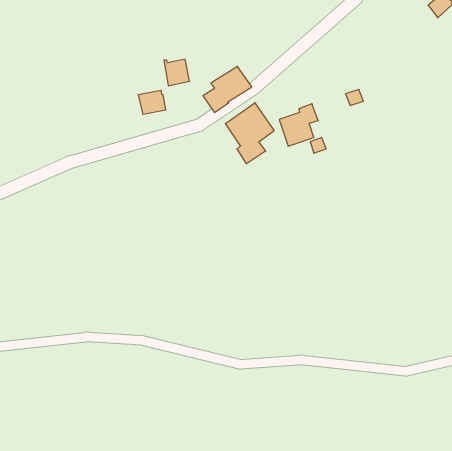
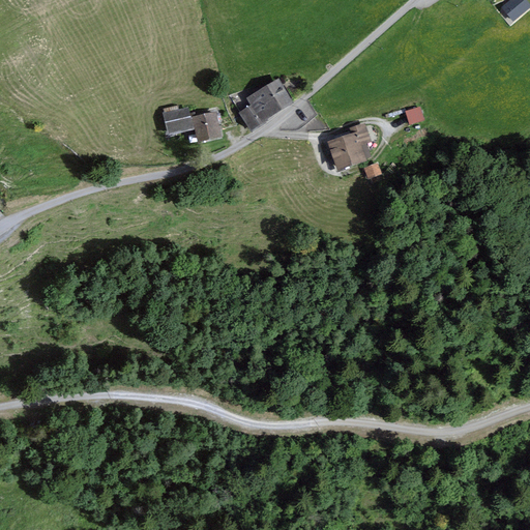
building: [164,59,190,86] -> [190,110,220,141]
building: [225,103,274,164] -> none

